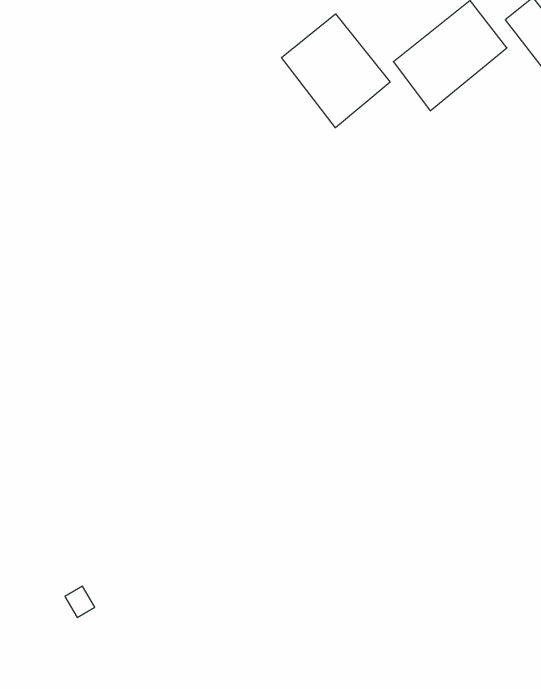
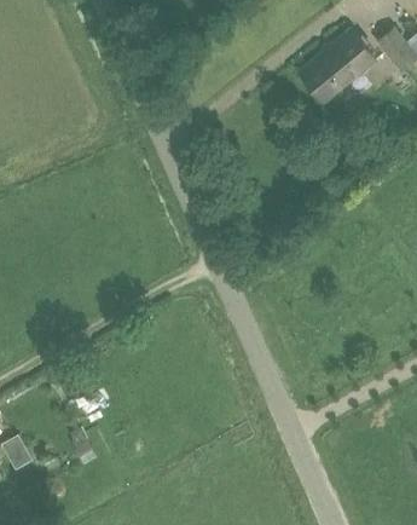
building: [282,14,390,128] -> none

